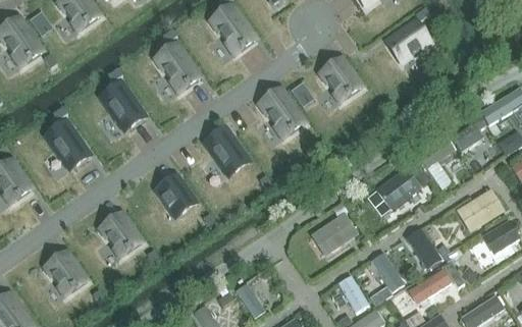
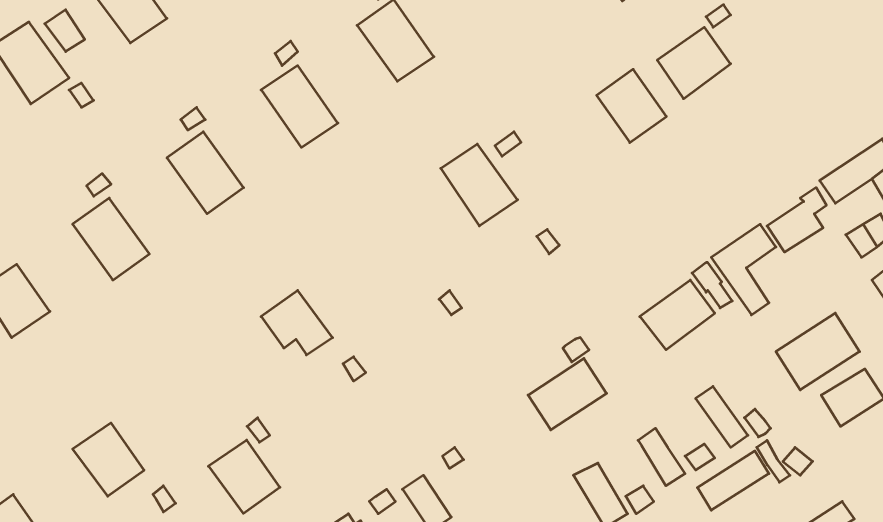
building: [320,58,361,101] -> [597,69,666,143]
building: [205,127,249,175] -> none
building: [100,213,142,256] -> [208,440,280,513]

